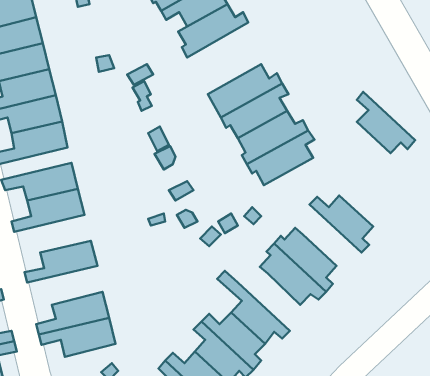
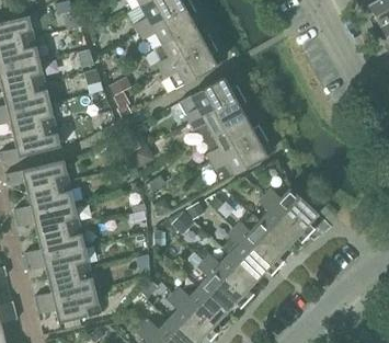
building: none -> [161,42,218,89]
building: [357,92,415,153] -> [259,195,308,247]
building: none -> [15,204,80,236]
building: none -> [26,247,90,279]
building: none -> [204,253,256,301]

